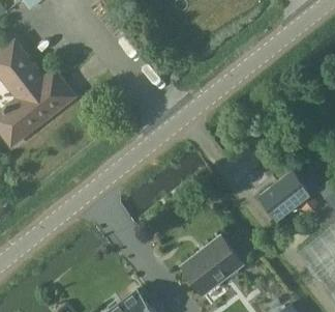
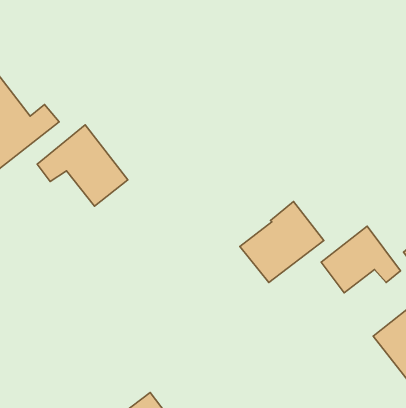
building: none -> [37,125,128,206]
building: [185,235,245,293] -> [240,202,324,283]

